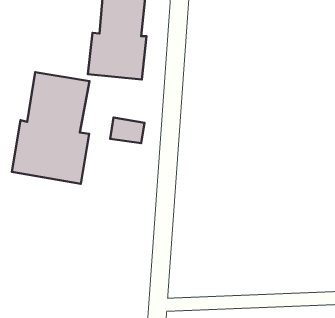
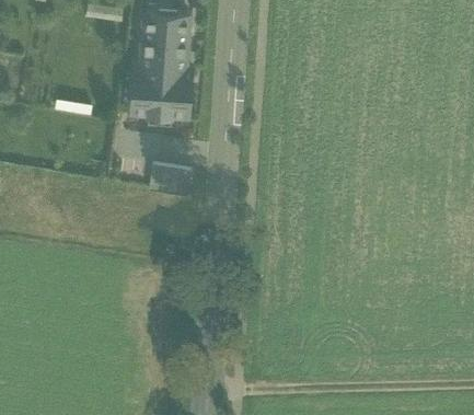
building: [12,72,90,184] -> none

